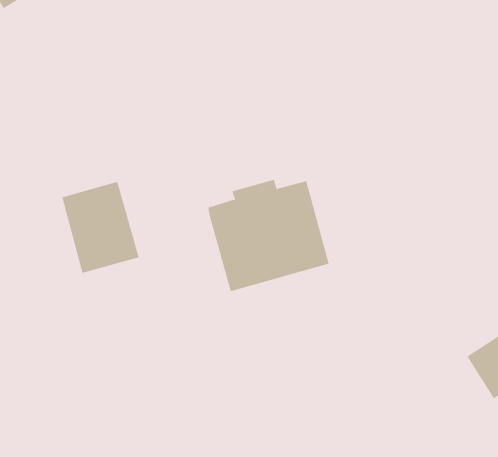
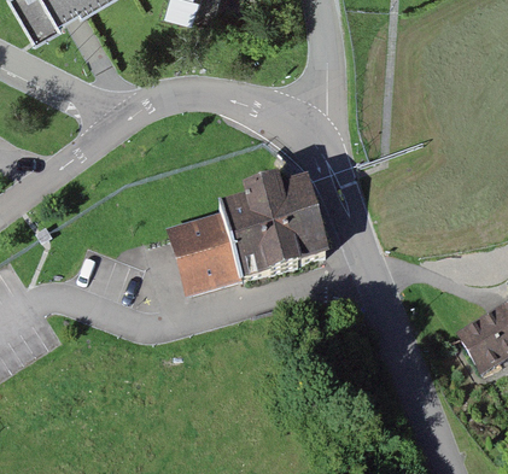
building: [62,181,139,274] -> [170,215,240,298]

